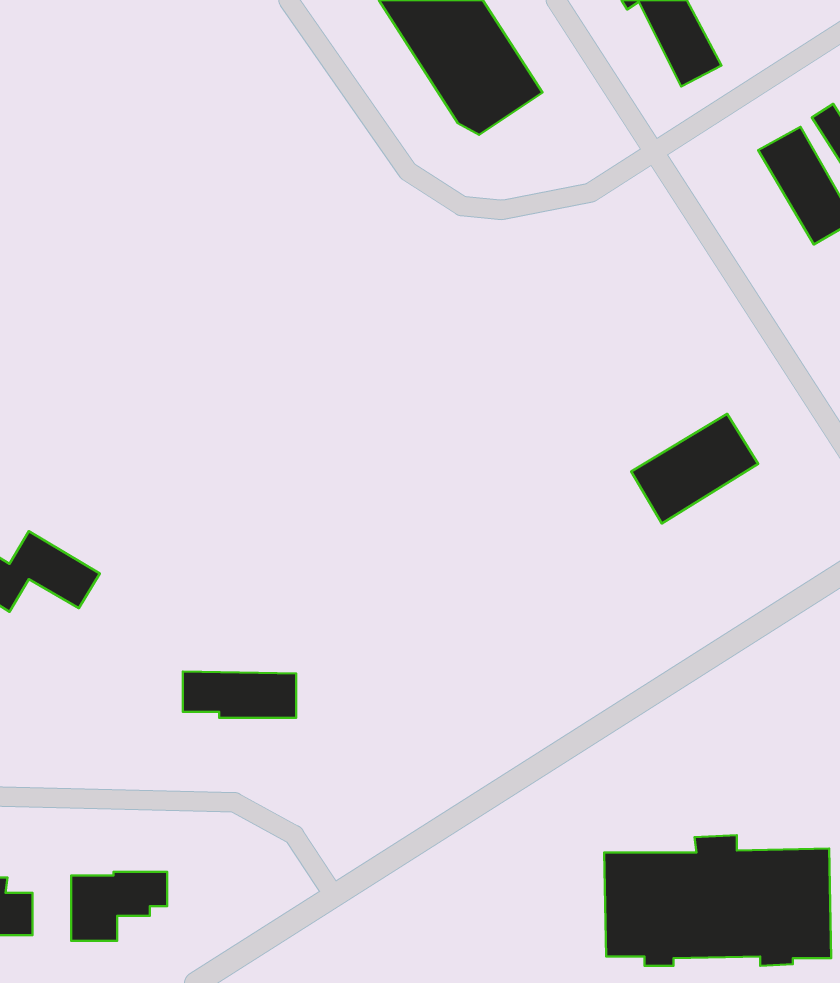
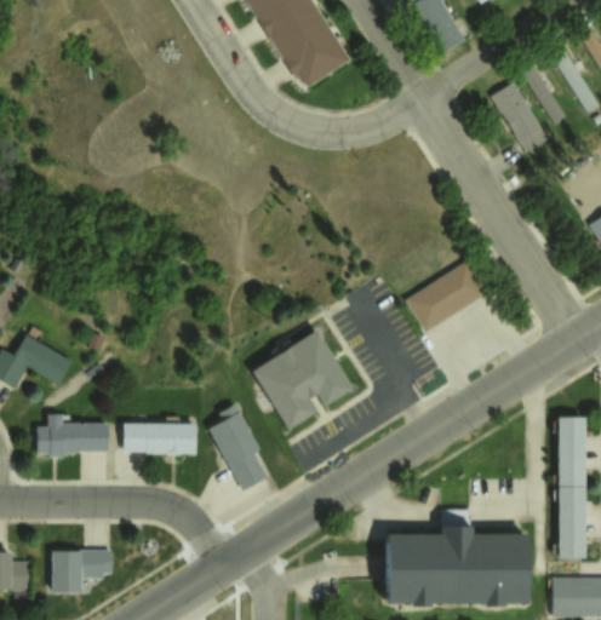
building: none -> [251,328,354,431]
building: none -> [210,403,267,488]
building: none -> [36,414,107,455]

